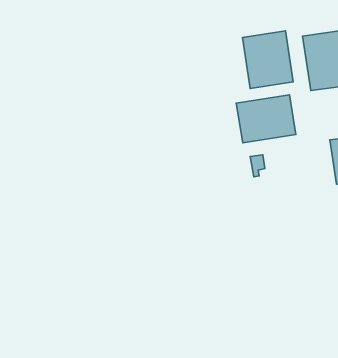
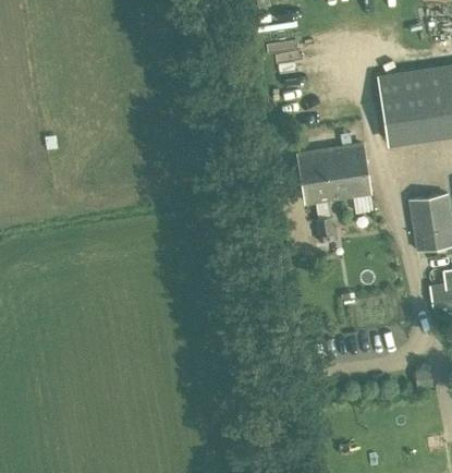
building: [242,31,293,89] -> none

